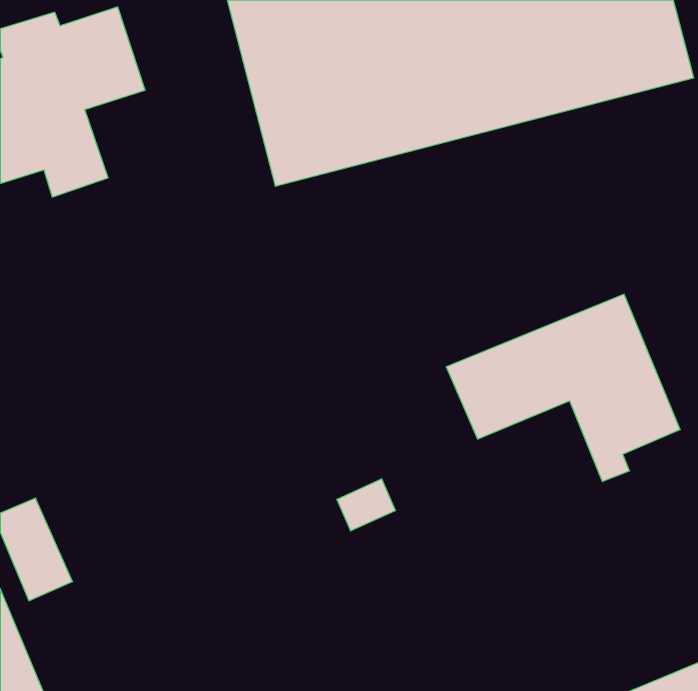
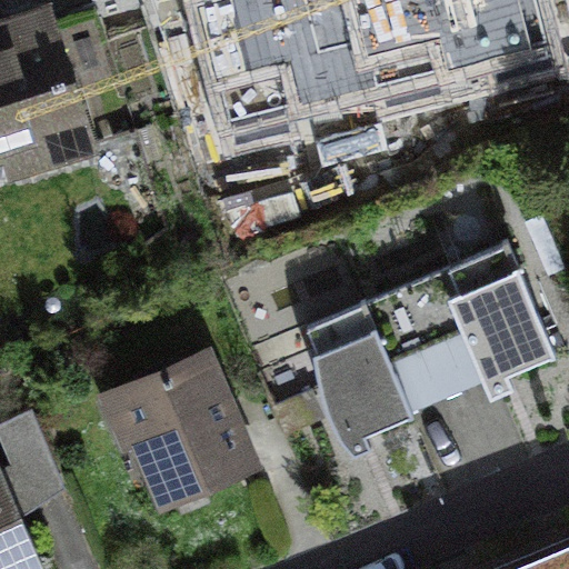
building: none -> [306,305,411,456]
building: none -> [112,361,248,502]

